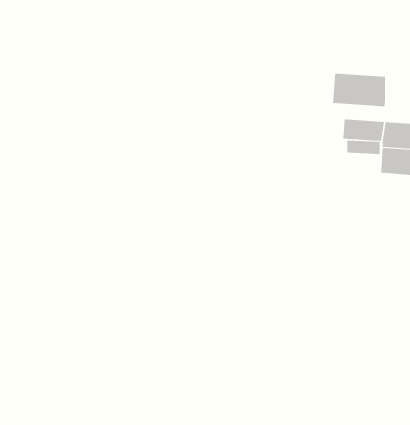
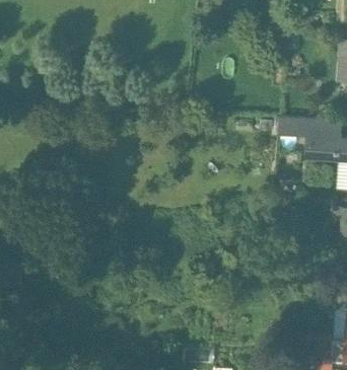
building: [333,73,386,107] -> none

